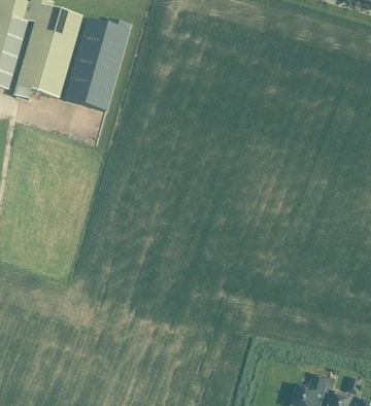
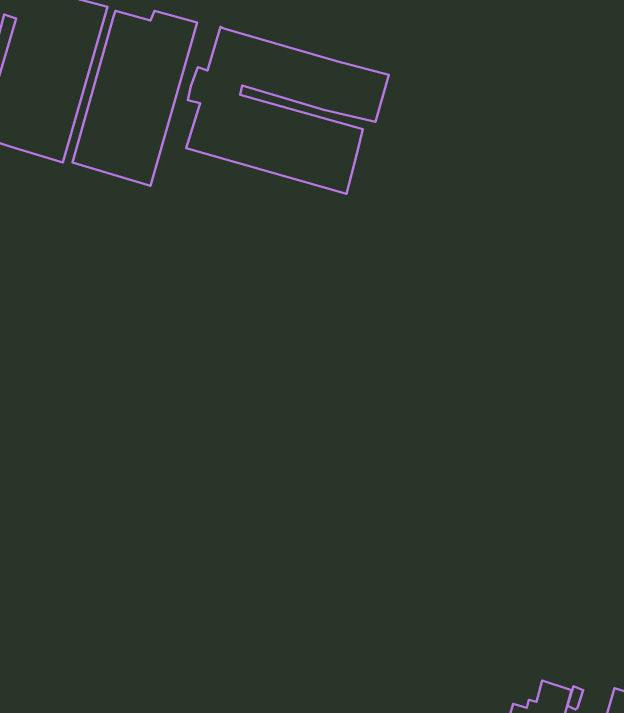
building: none -> [186,27,389,194]

